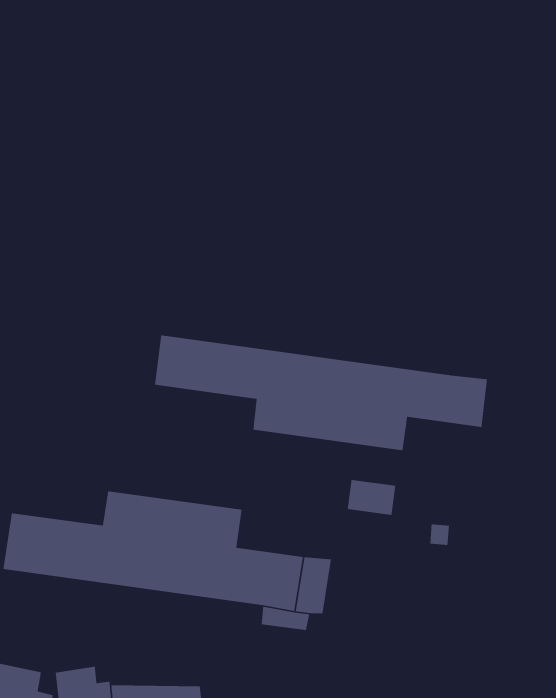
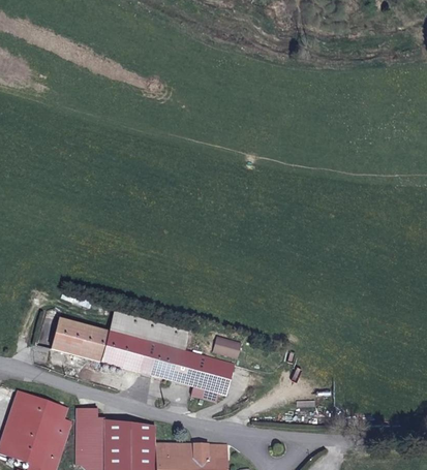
building: [154,335,488,451] -> none
building: [347,479,396,516] -> [212,337,241,359]

